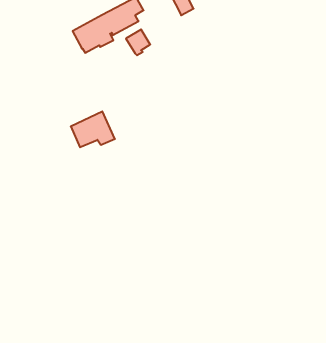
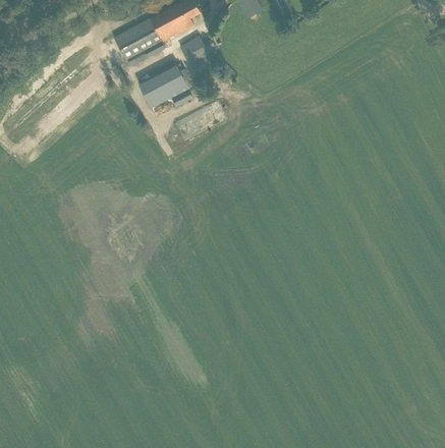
building: [71,111,115,147] -> [138,65,192,109]

